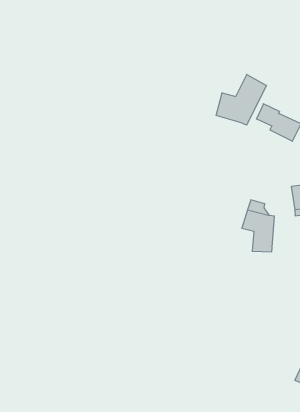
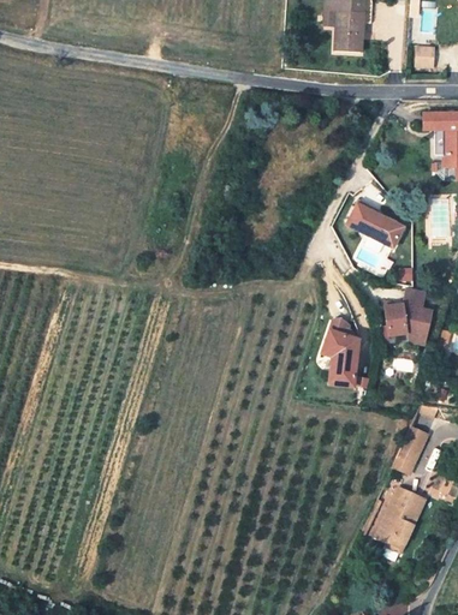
building: [216,74,266,125] -> none

